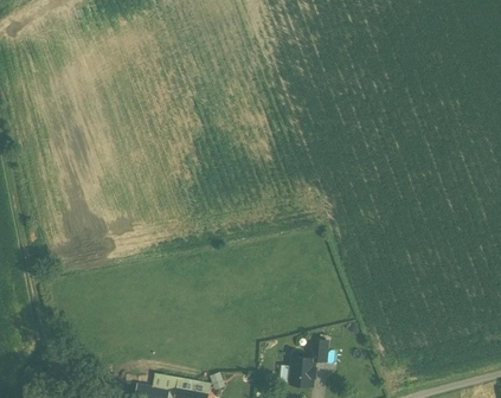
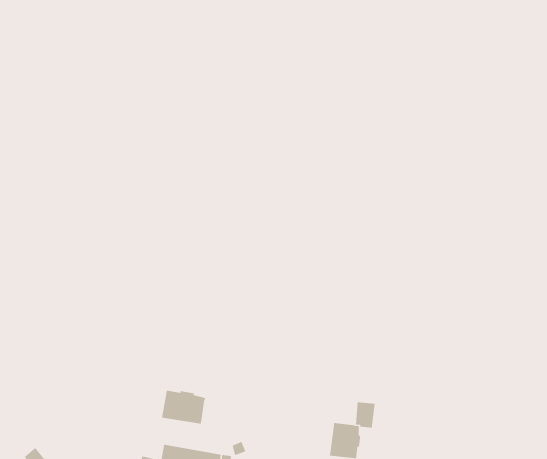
building: none -> [161,390,206,424]

